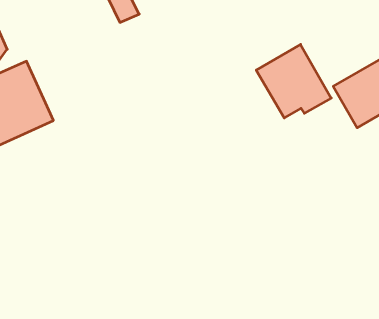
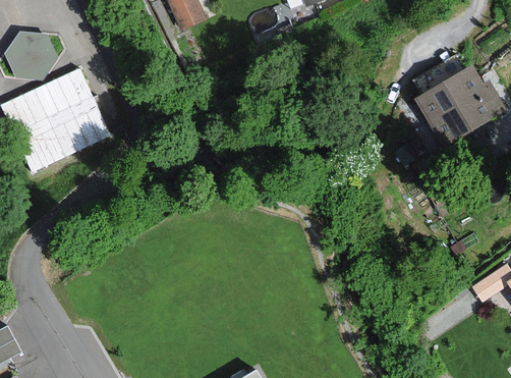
building: [256,44,331,118] -> none

